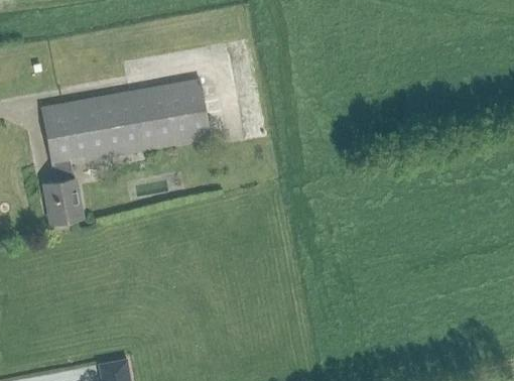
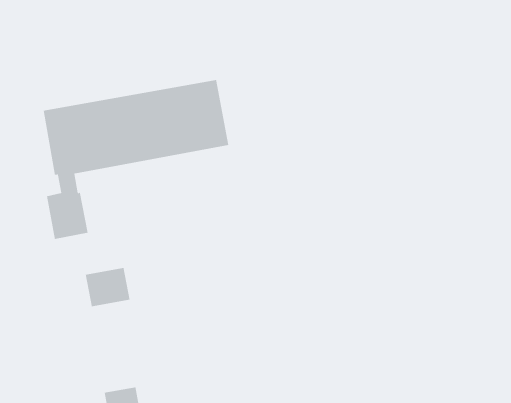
building: none -> [85,267,130,307]

